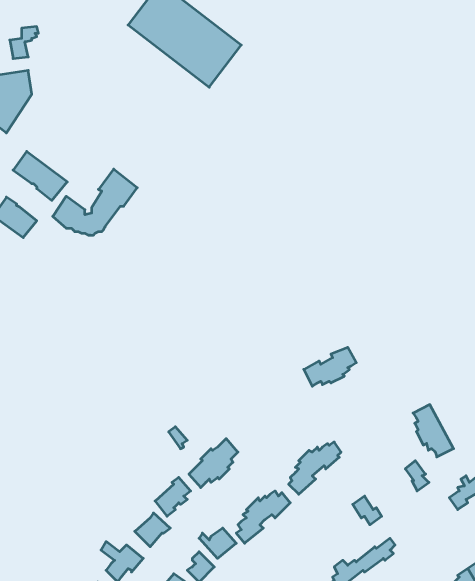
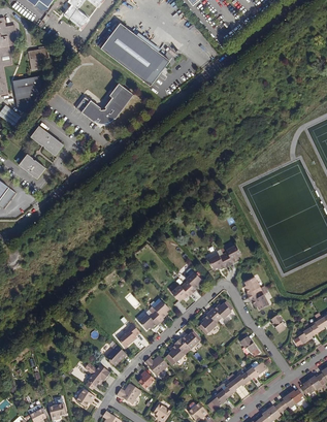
building: [53,169,137,235] -> [81,83,133,123]
building: none -> [170,270,201,300]
building: [413,405,454,457] -> [243,277,268,309]

